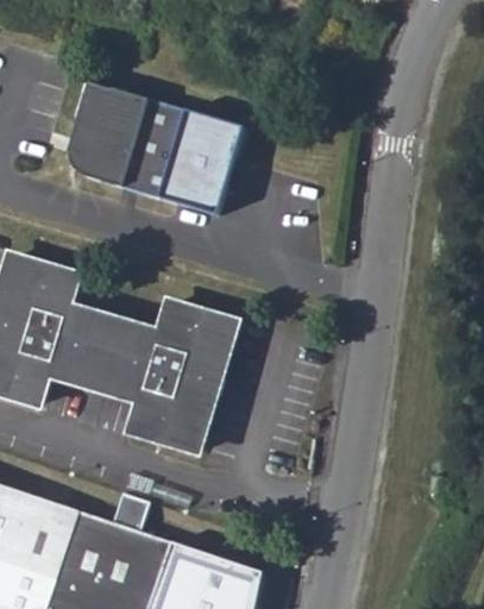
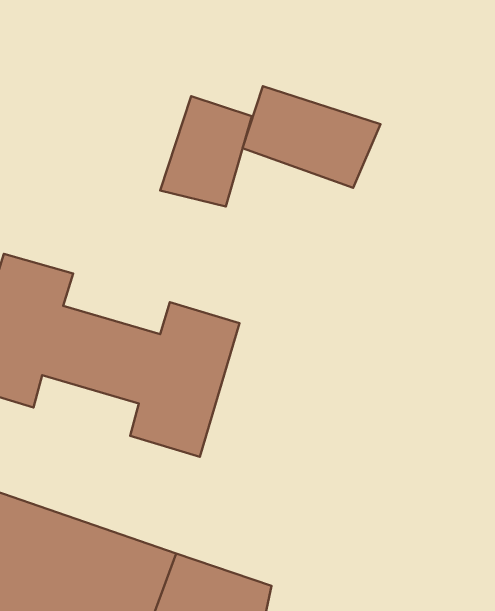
building: [73,76,186,197] -> none
building: none -> [242,86,381,188]

